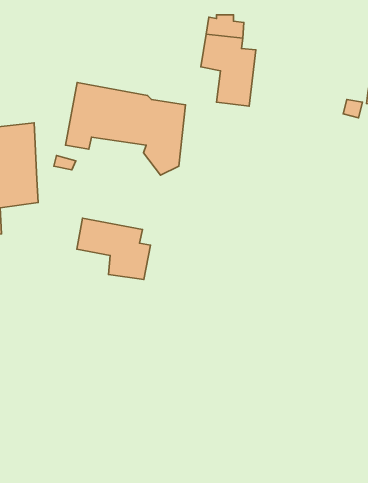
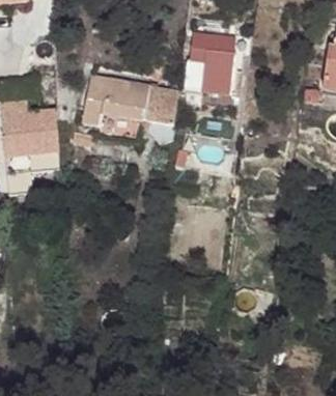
building: [77,218,151,280] -> none

